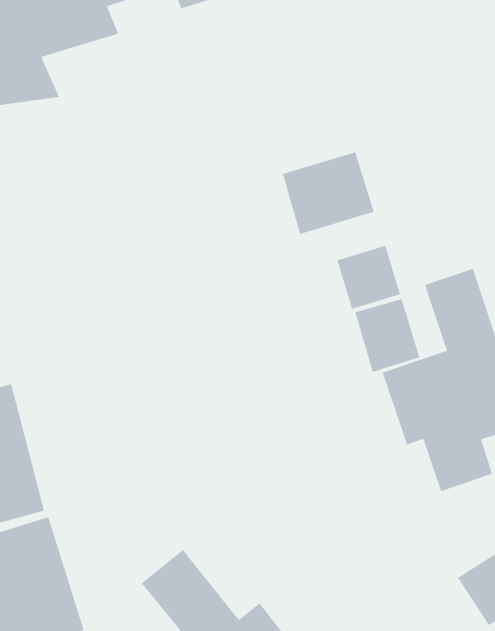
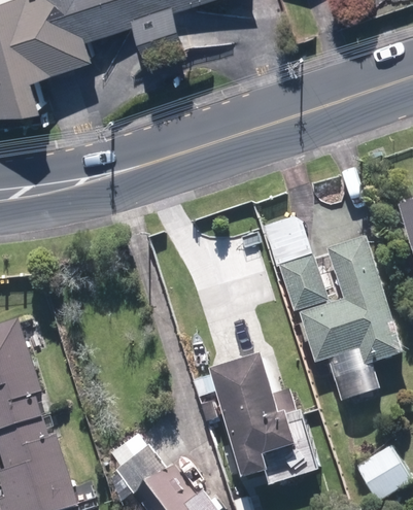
building: [282,152,374,235] -> none
building: none -> [215,350,323,484]

